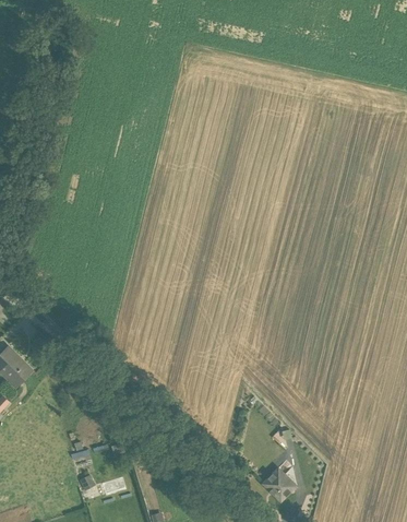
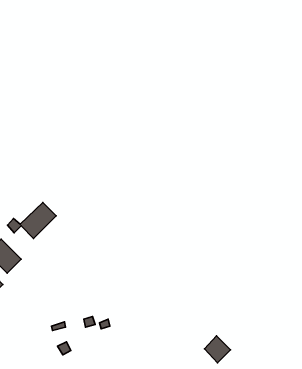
building: none -> [8,203,56,239]

